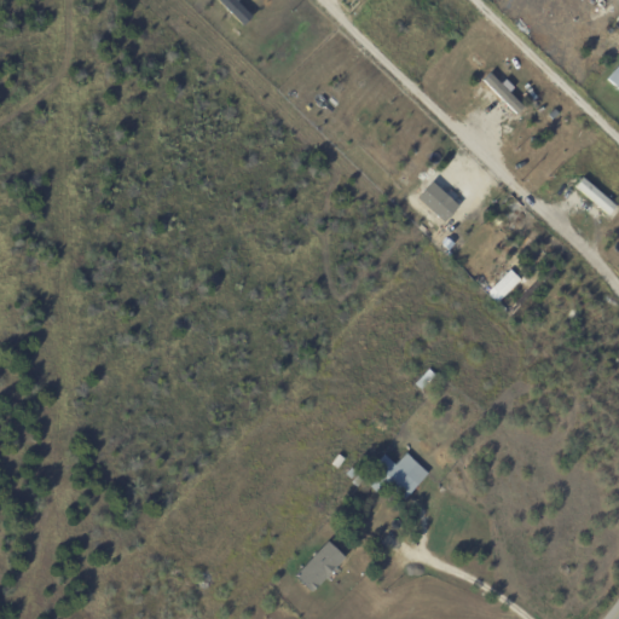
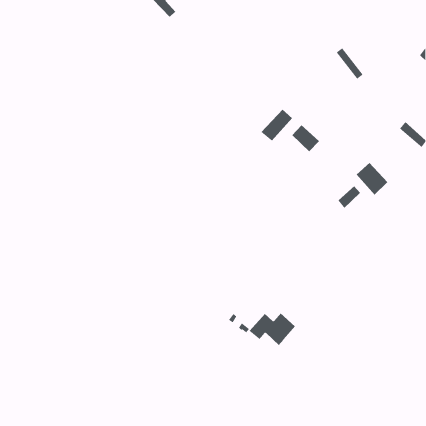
building: none -> [261,109,293,142]
building: none -> [356,162,388,195]
building: [294,540,345,591] -> none

